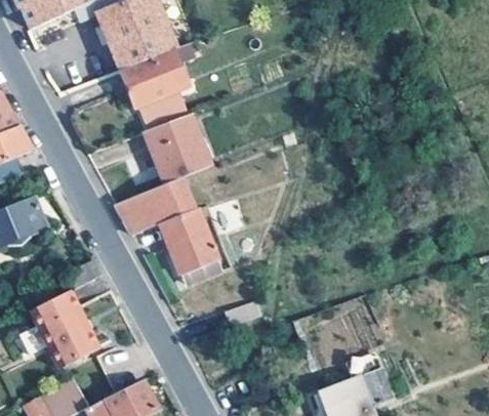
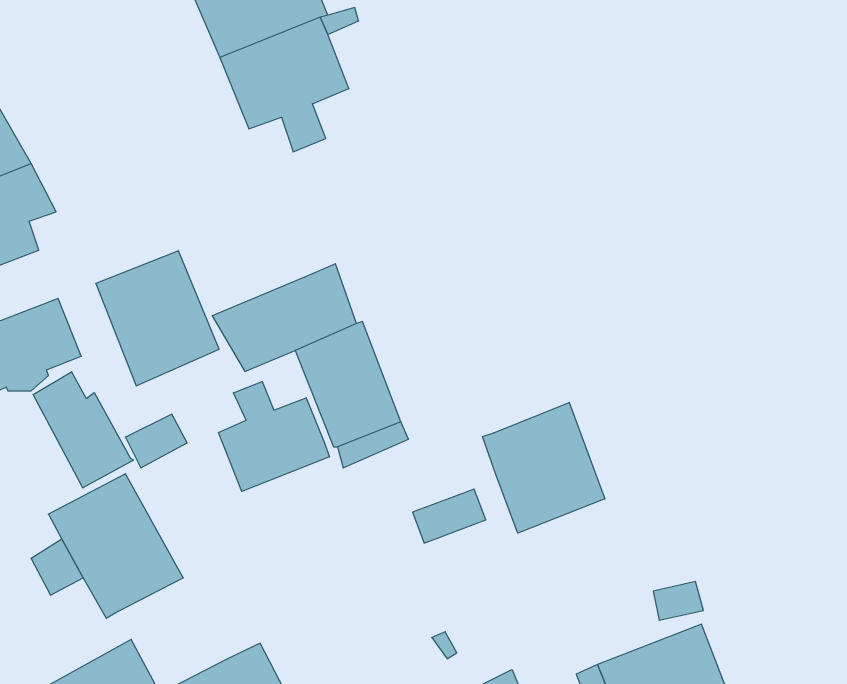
building: [144,114,209,185] -> [96,251,219,386]
building: none -> [33,372,133,488]
building: none -> [219,382,329,491]
building: none -> [482,402,605,533]

